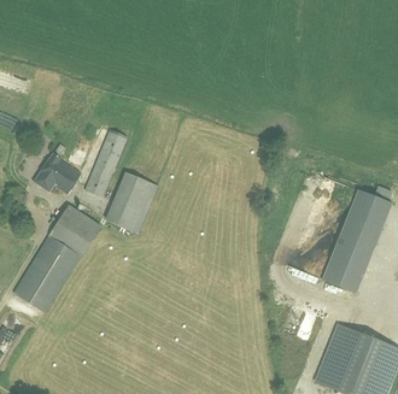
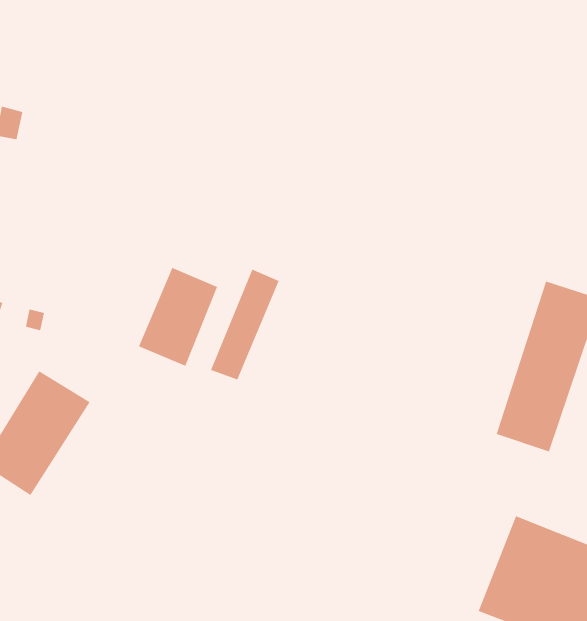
building: [84,129,127,196] -> [210,269,280,380]
building: [34,142,81,193] -> none
building: [48,205,99,257] -> none

